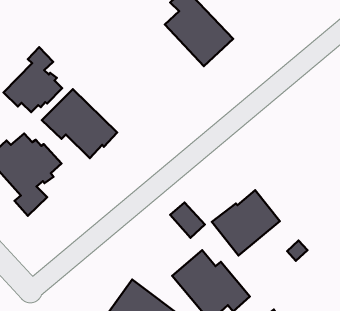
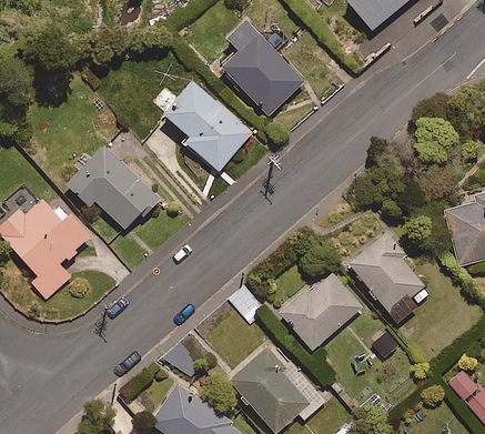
building: none -> [154,79,252,171]
building: [4,47,62,112] -> none
building: none -> [347,234,433,325]

